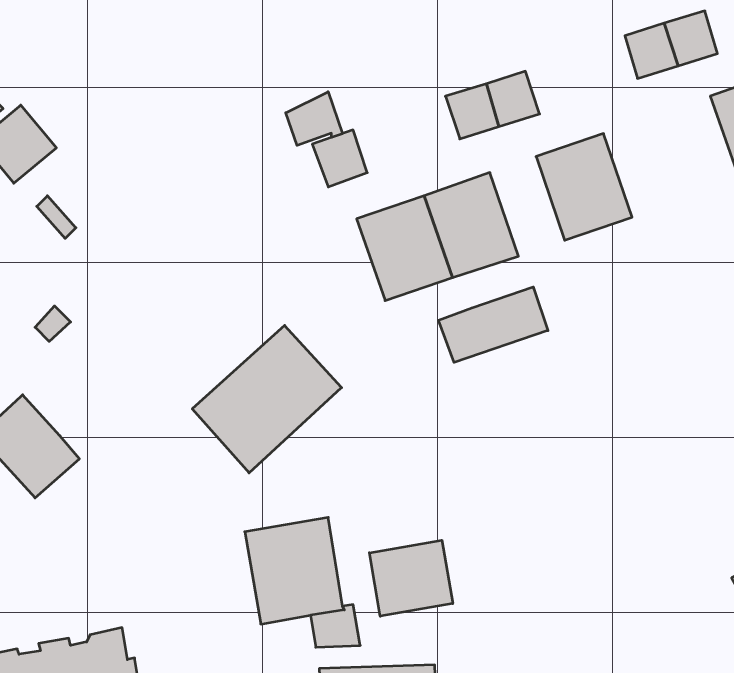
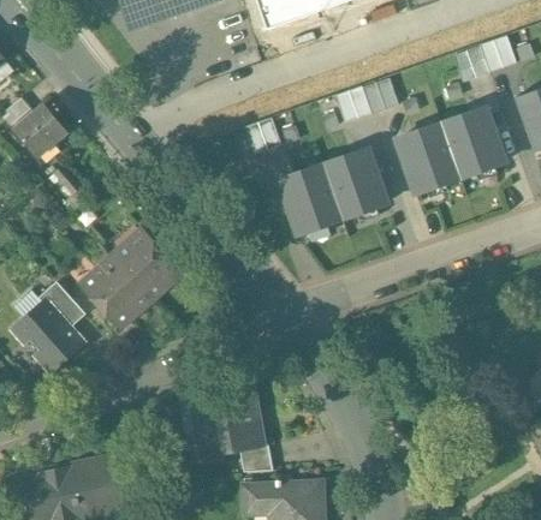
building: [286,92,342,145] -> none
building: none -> [439,108,503,180]
building: [438,287,548,362] -> none
building: [192,325,342,473] -> [83,229,184,329]
building: none -> [40,281,87,328]
building: [369,540,453,616] -> none

